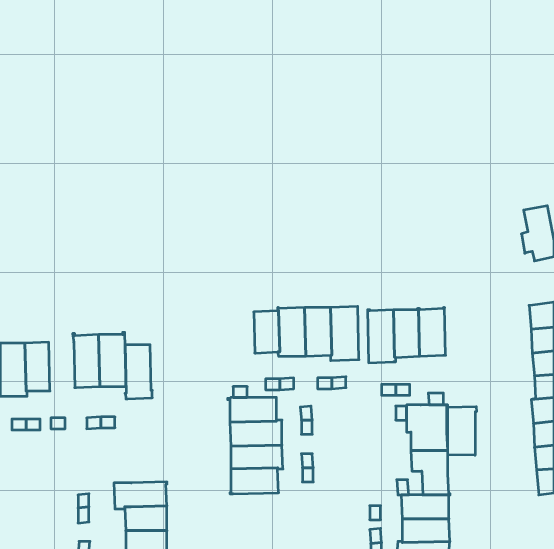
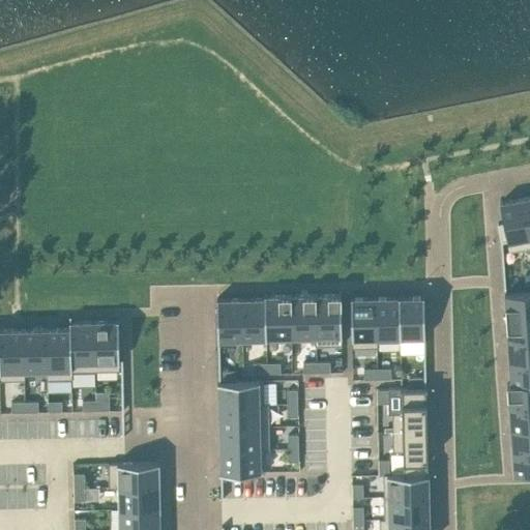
building: none -> [217,301,244,347]
building: [125,345,152,399] -> [47,331,72,383]
building: [448,407,476,455] -> none

